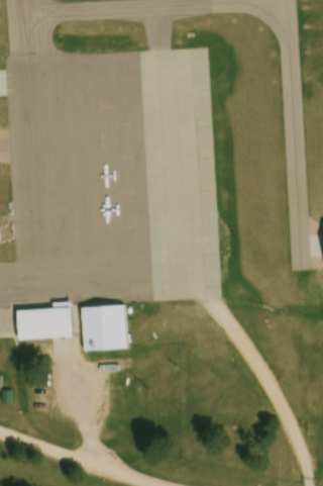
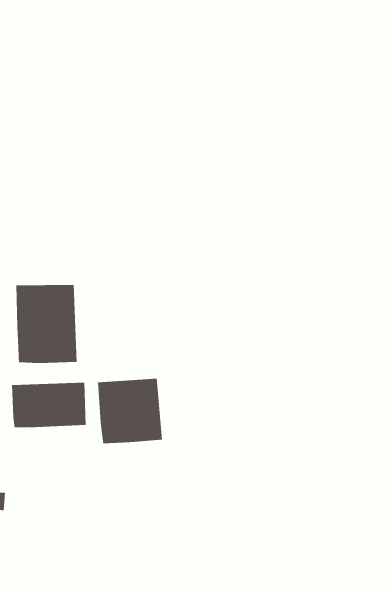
building: none -> [16,284,77,364]

